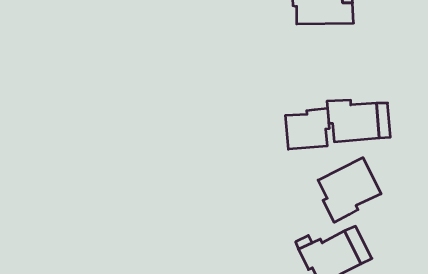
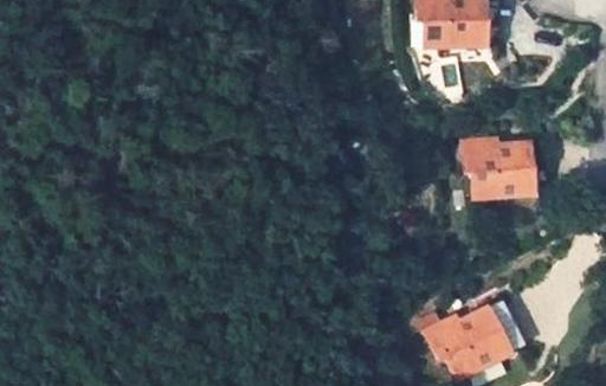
building: [286,108,329,149] -> none
building: [318,158,381,222] -> none

